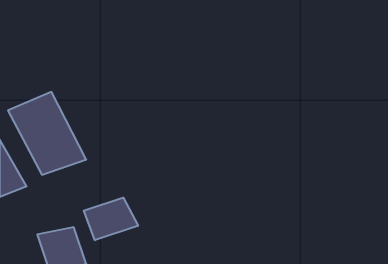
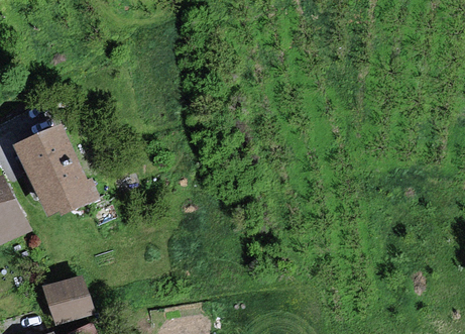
building: [84,198,138,240] -> none

